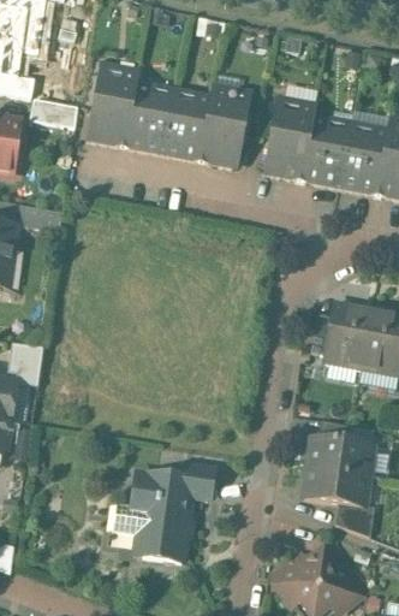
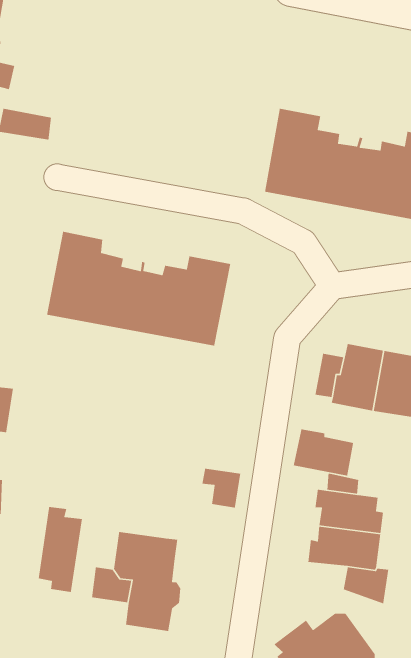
building: [87,65,250,167] -> [46,231,231,347]
building: none -> [293,429,354,476]
building: none -> [38,506,83,593]
building: [178,464,213,500] -> [202,468,241,509]

